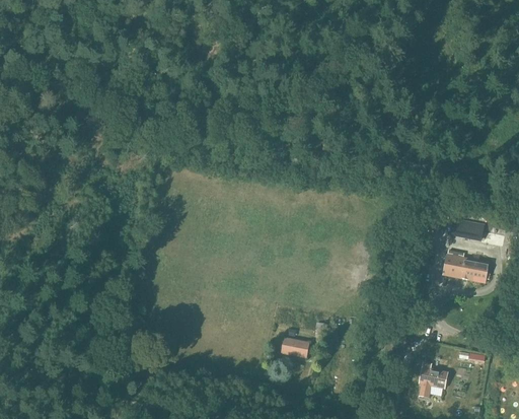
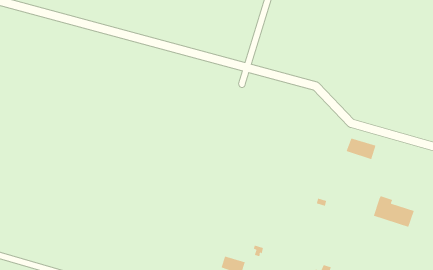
building: [450,218,484,240] -> [346,138,376,160]

